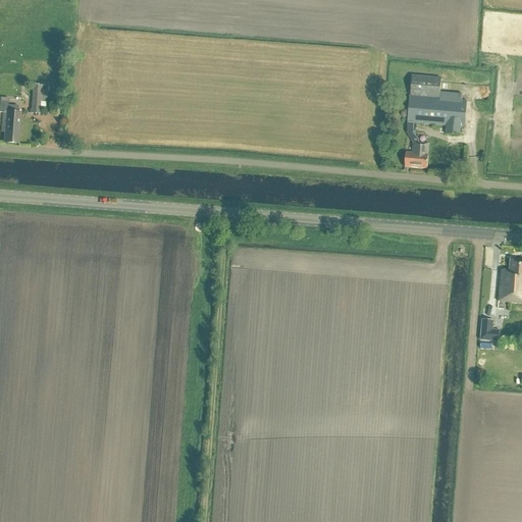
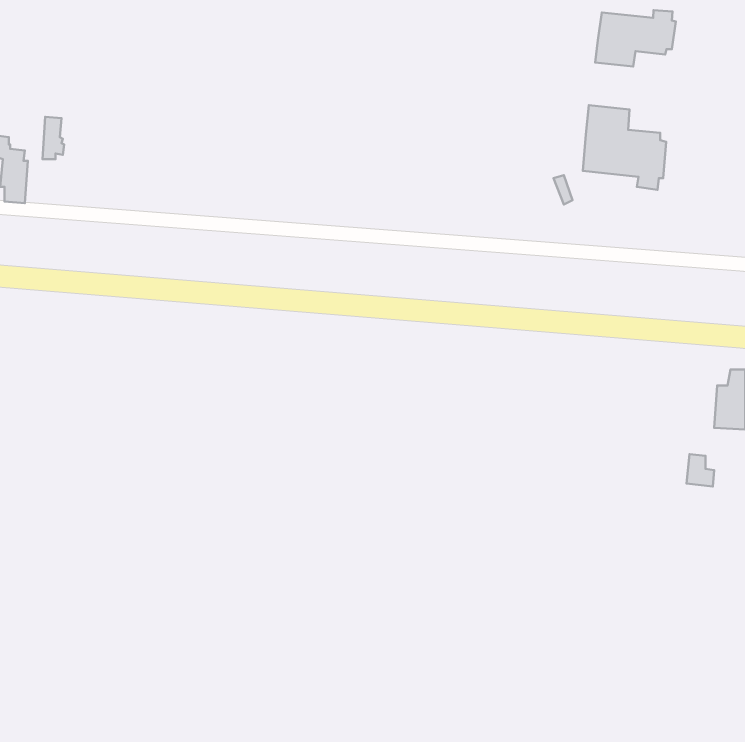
building: none -> [595,10,676,67]
building: [404,142,427,167] -> none

